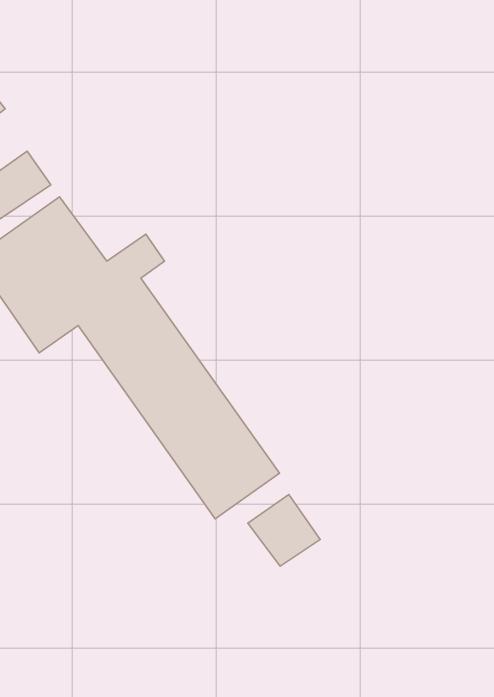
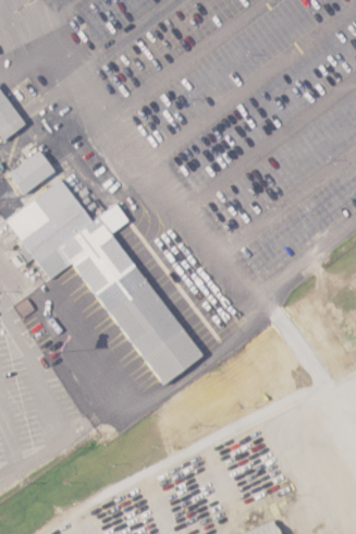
building: [248,495,320,566] -> none

